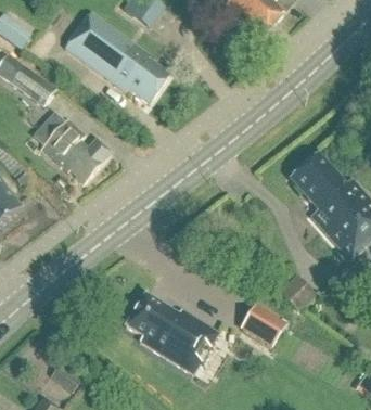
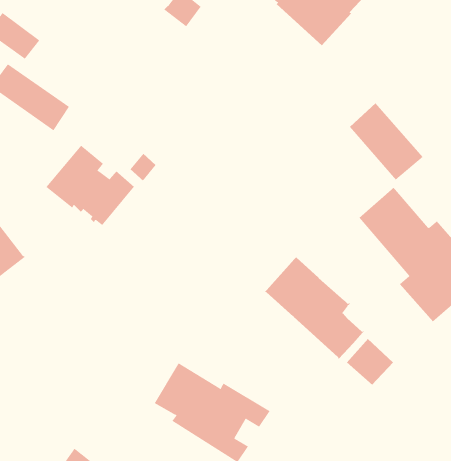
building: [67,12,170,103] -> none
building: none -> [349,102,424,180]
building: none -> [263,256,365,359]
building: [240,302,287,346] -> none

